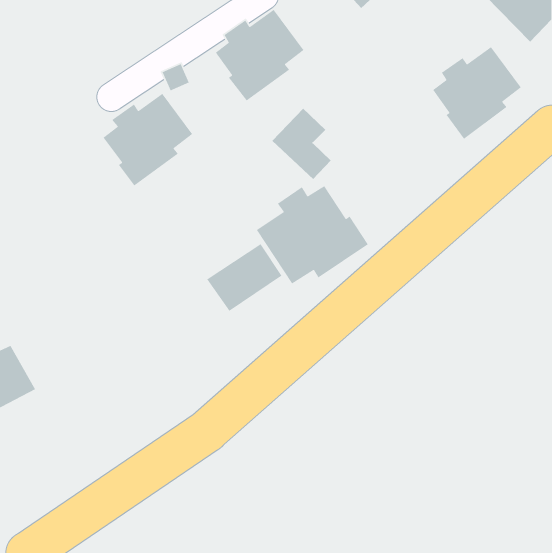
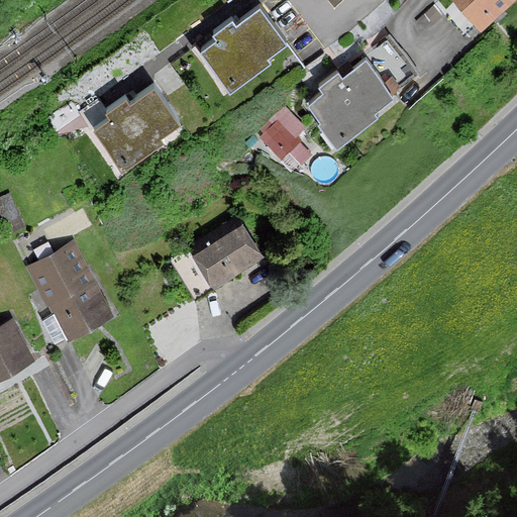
building: [432,46,522,140] -> [310,65,393,151]
building: [256,185,369,284] -> none
building: none -> [25,240,112,338]

